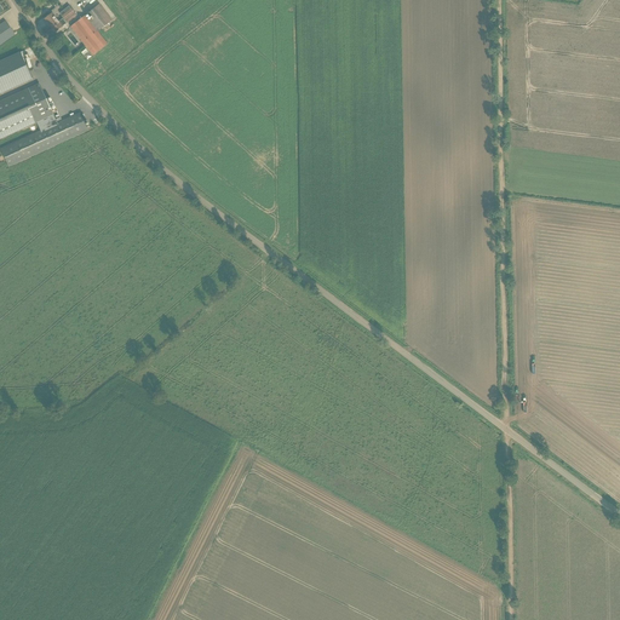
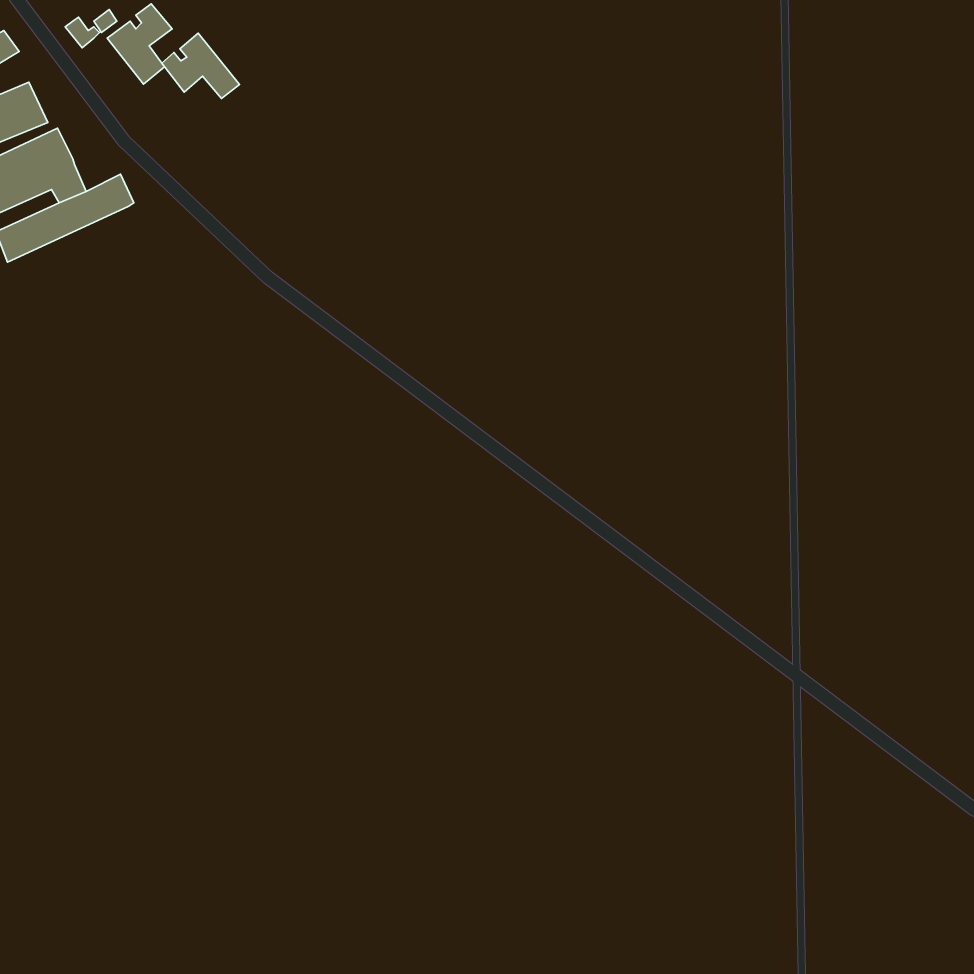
building: none -> [162,33,240,99]

